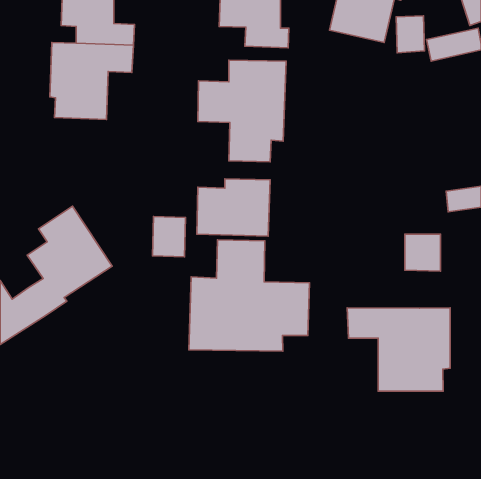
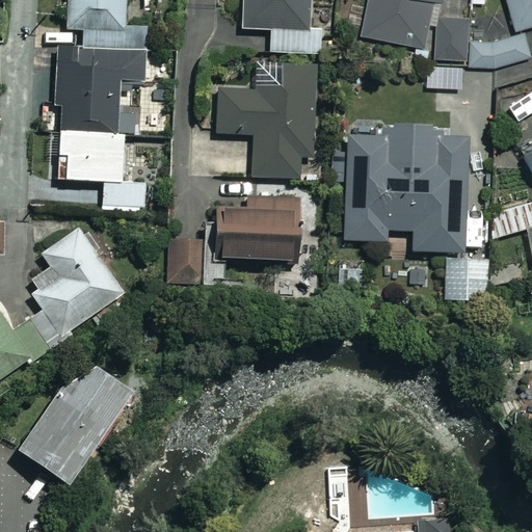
building: none -> [345,125,468,252]
building: none -> [58,130,145,207]
building: [189,240,309,351] -> none
building: [347,308,450,391] -> none
building: none -> [19,365,134,484]

